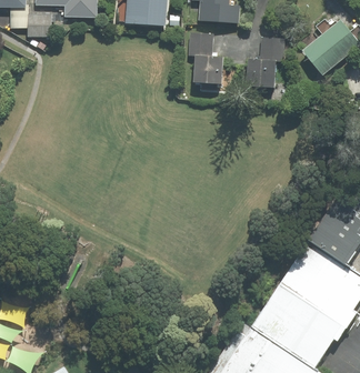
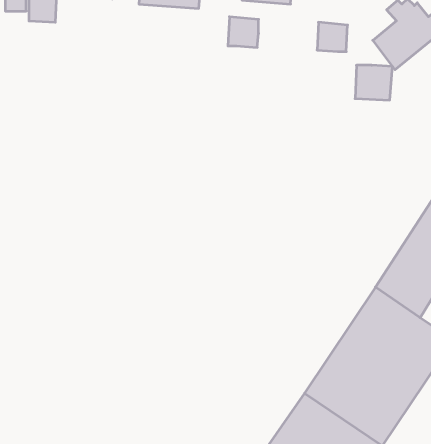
building: [192,56,222,83] -> none
building: [246,59,276,87] -> [355,65,393,100]

